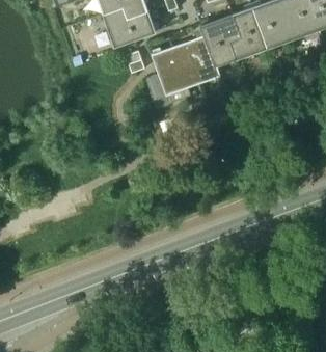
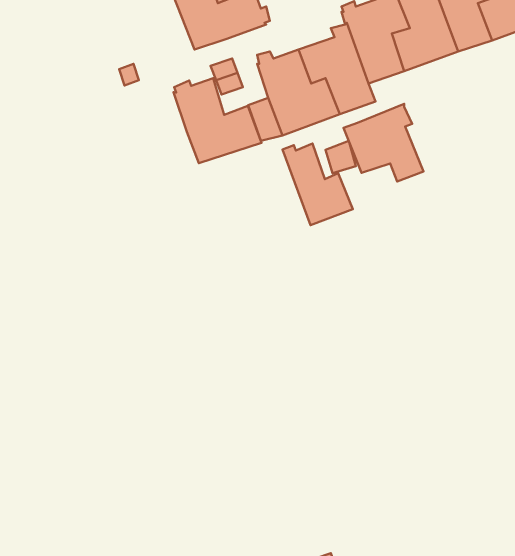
building: none -> [173,78,262,163]
building: none -> [343,104,423,182]
building: none -> [283,144,353,225]

